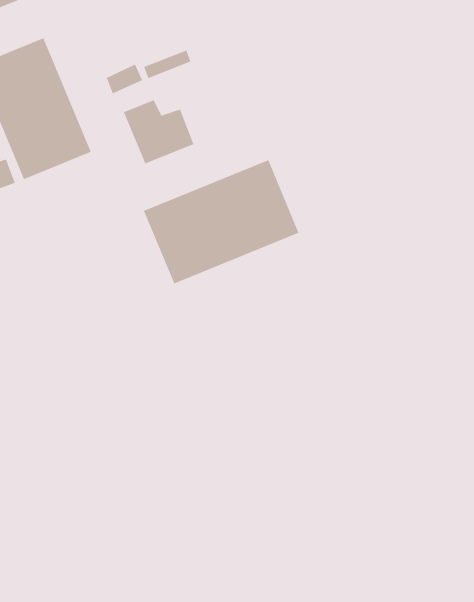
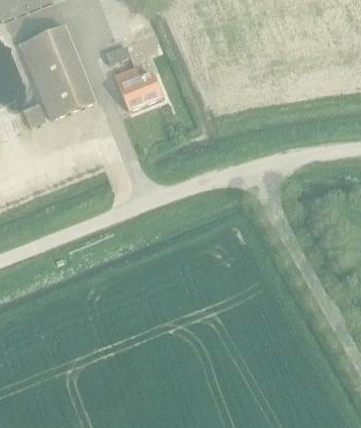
building: [143,159,300,284] -> none

